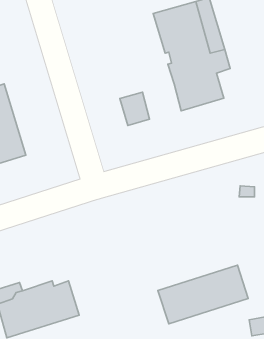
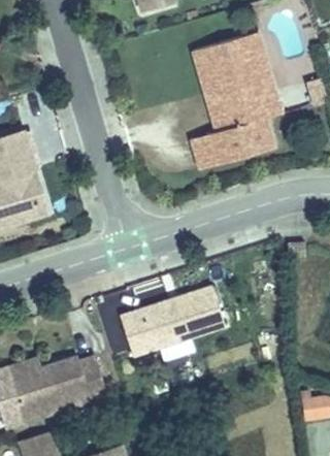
building: [120,92,150,126] -> [189,130,223,168]
building: [158,265,248,324] -> [122,287,225,354]

